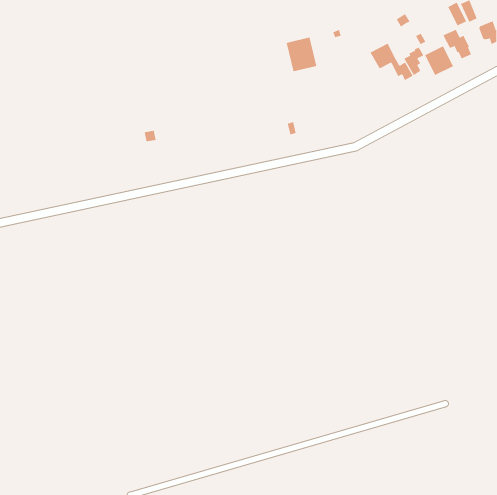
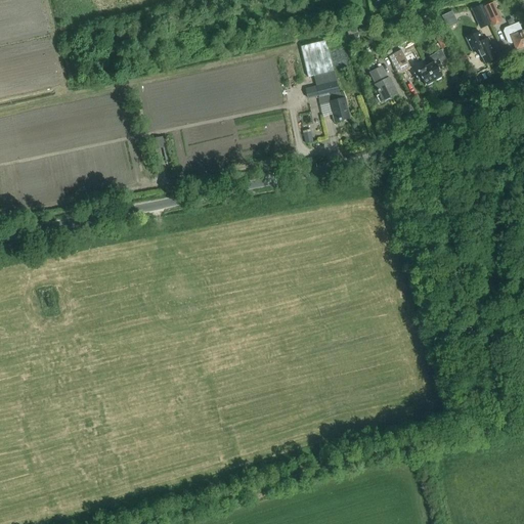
building: [424,45,454,76] -> none
building: none -> [365,58,397,101]
building: none -> [314,70,350,121]

